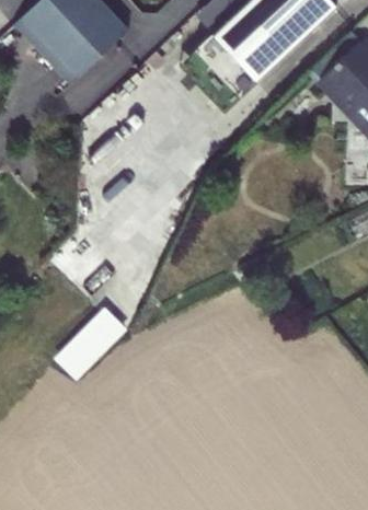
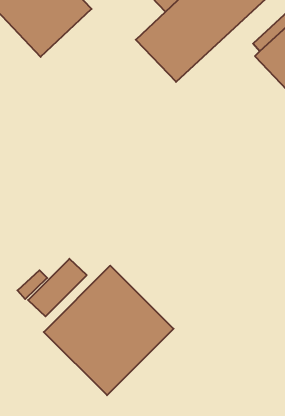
building: none -> [44,266,174,395]

